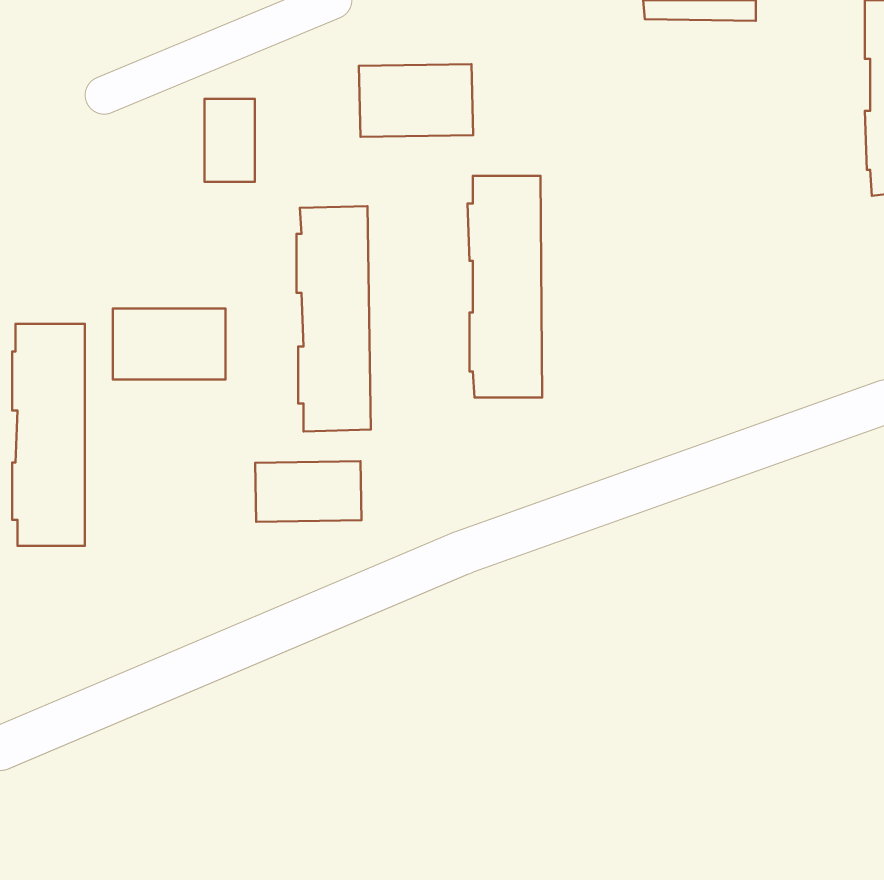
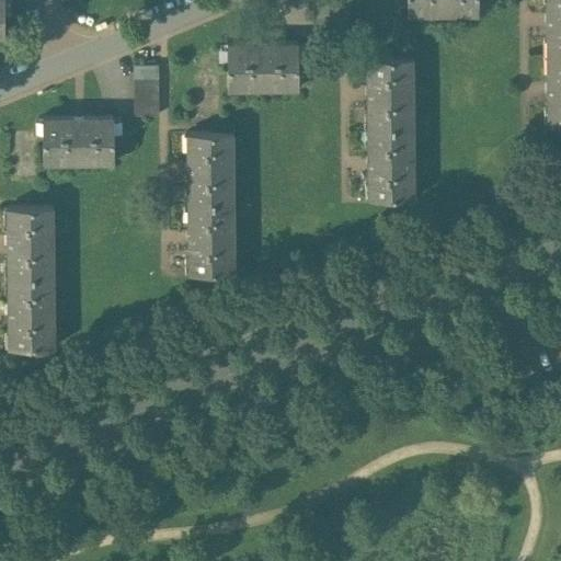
building: [468,176,542,398] -> [367,60,414,201]
building: [113,308,226,379] -> [44,118,115,163]
building: [255,461,362,522] -> none

